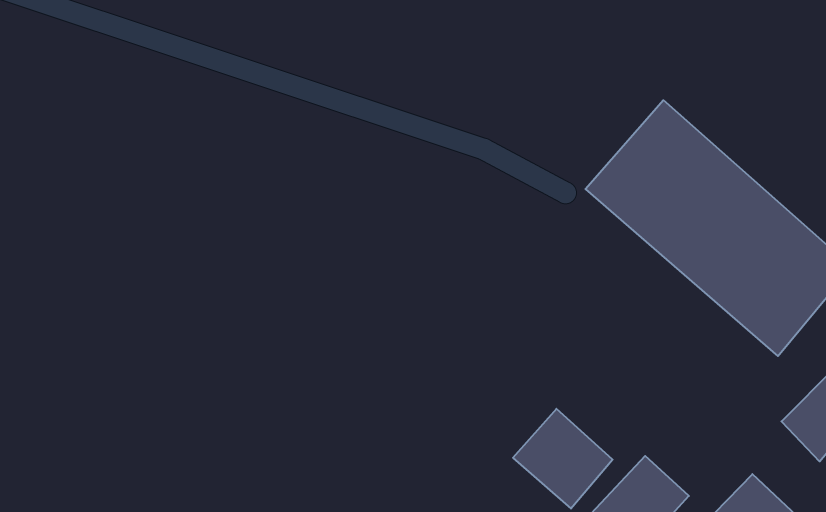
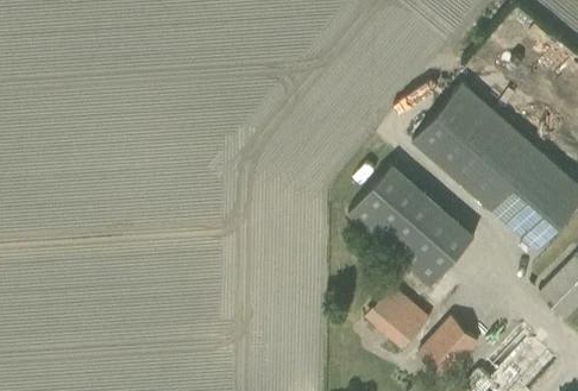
building: none -> [347,163,475,286]

